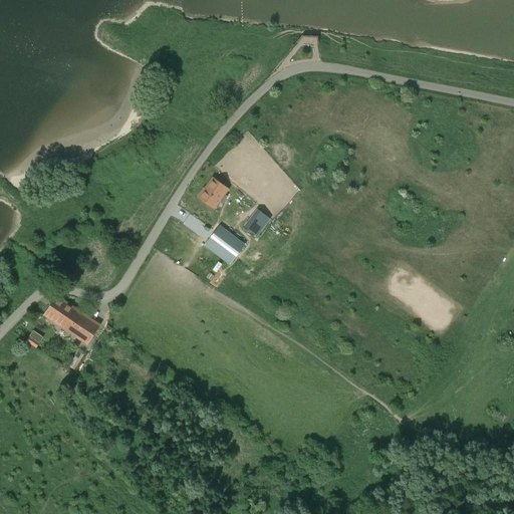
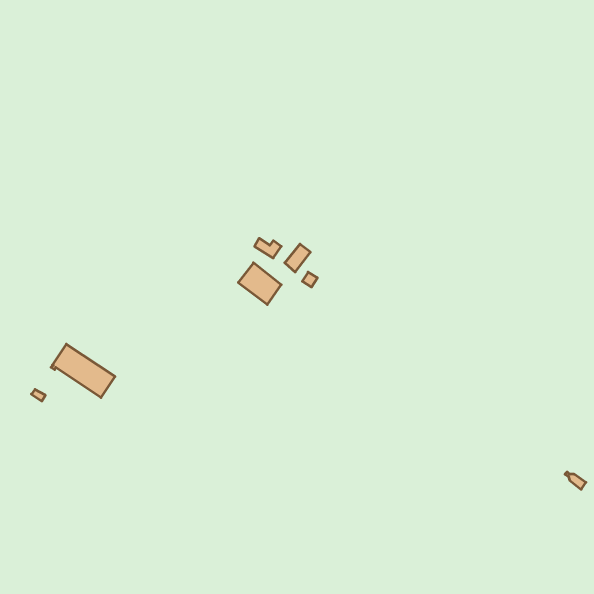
building: [198,179,228,208] -> none

